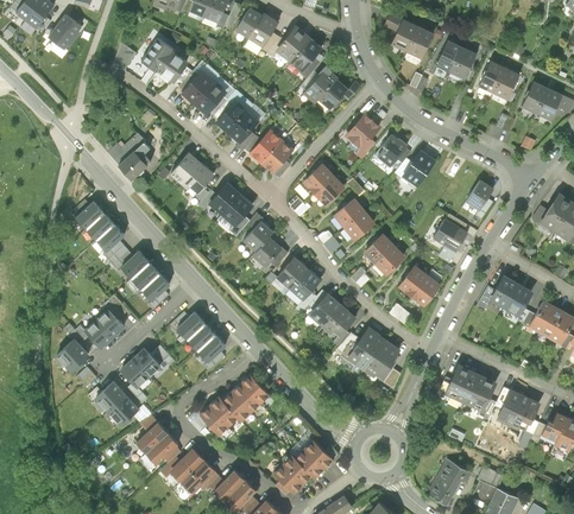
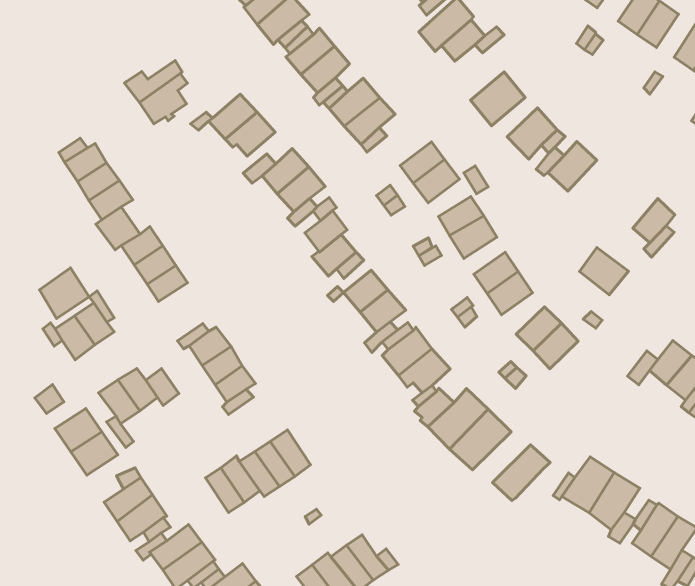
building: [53,335,88,370] -> [39,268,89,319]
building: none -> [492,445,550,500]

